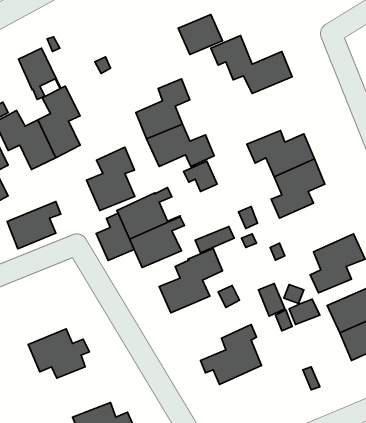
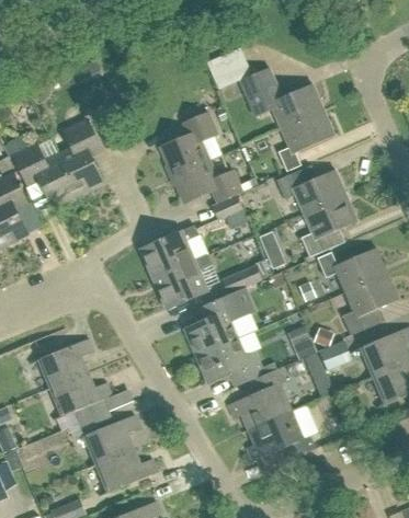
building: [19,48,61,100] -> none
building: none -> [277,110,334,171]
building: [86,147,135,211] -> none
building: [7,201,61,249] -> [37,338,93,388]
building: none -> [317,248,386,291]
building: [96,213,134,261] -> none
building: none -> [196,337,263,385]
building: none -> [246,410,315,461]
building: none -> [78,411,139,463]

